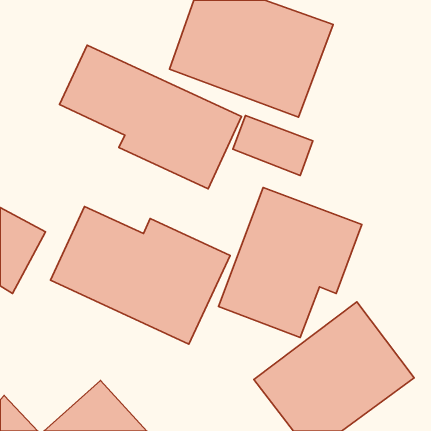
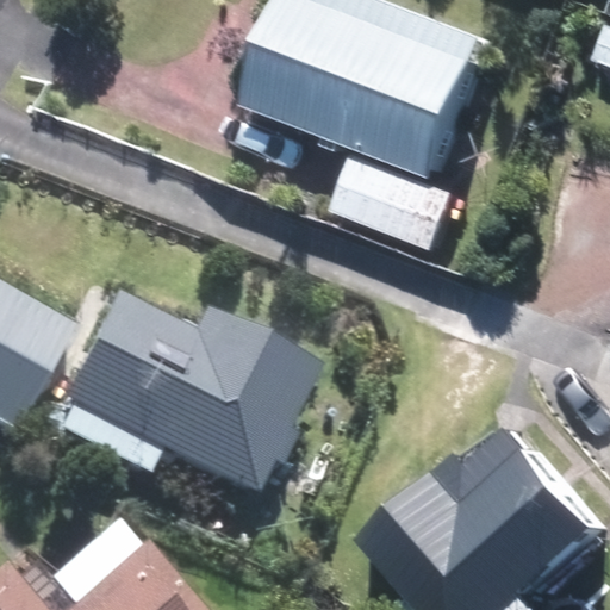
building: [59,45,241,189] -> none
building: [219,188,362,337] -> none

